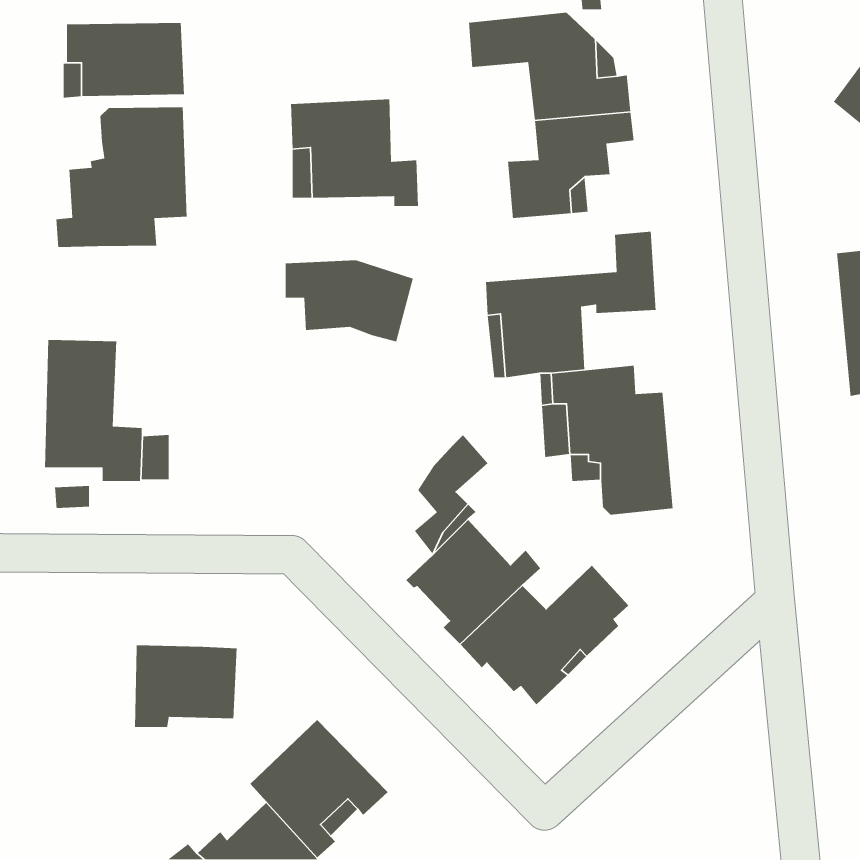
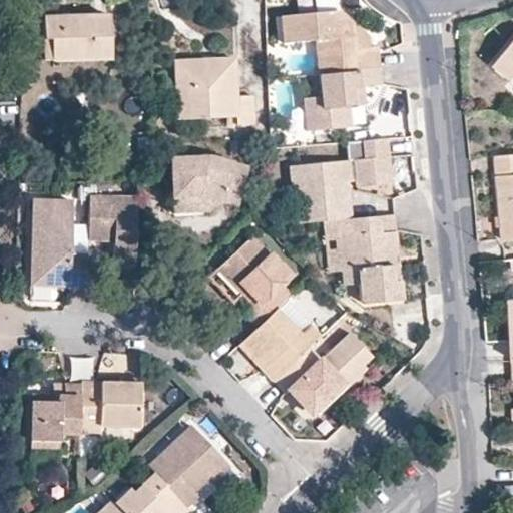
building: [55,106,188,248] -> none
building: none -> [172,176,223,209]
building: none -> [88,193,136,262]
building: none -> [220,234,278,294]
building: none -> [33,383,84,447]

